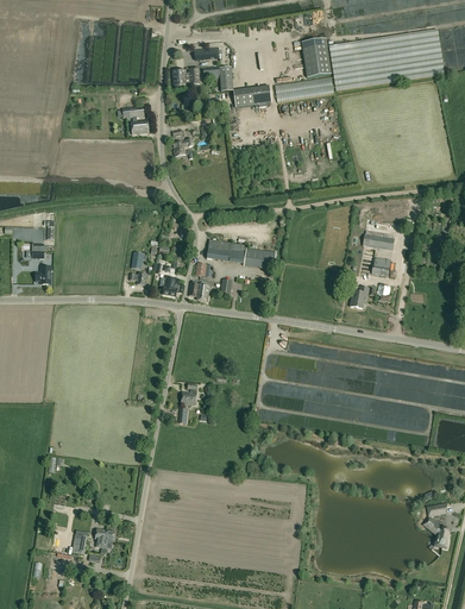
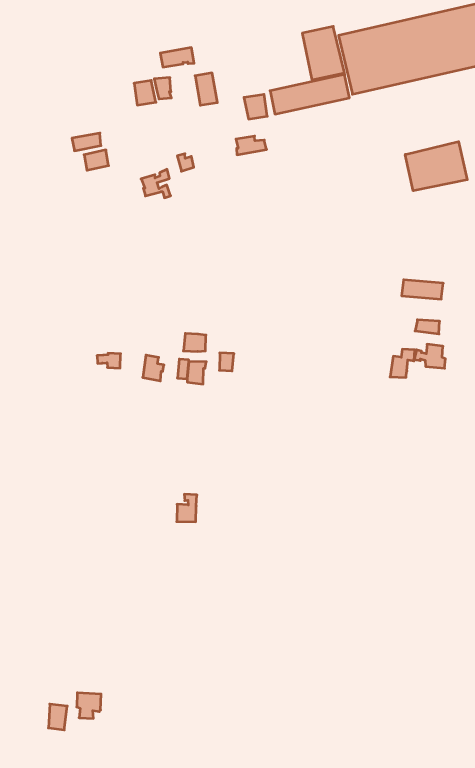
building: none -> [405,142,467,191]
building: [207,239,276,270] -> none

